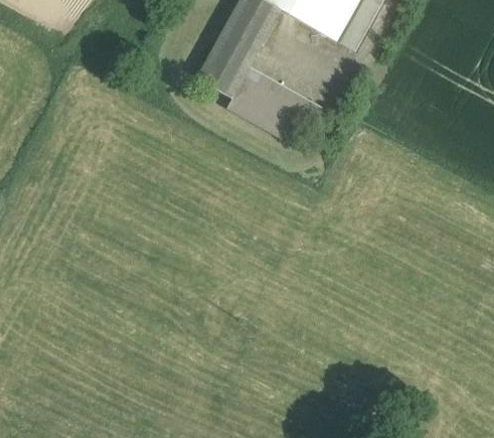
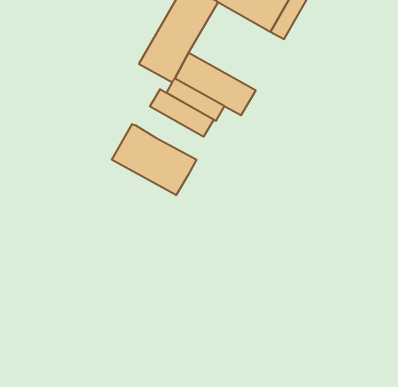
building: none -> [150,89,214,137]
building: none -> [112,124,196,195]

